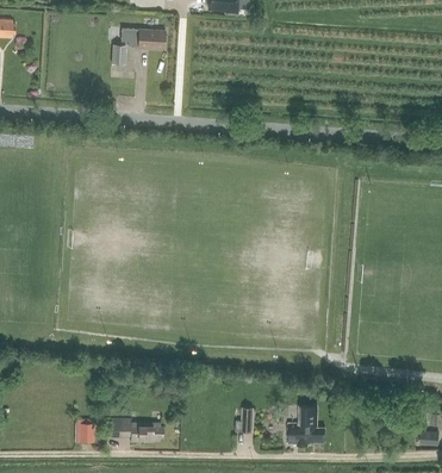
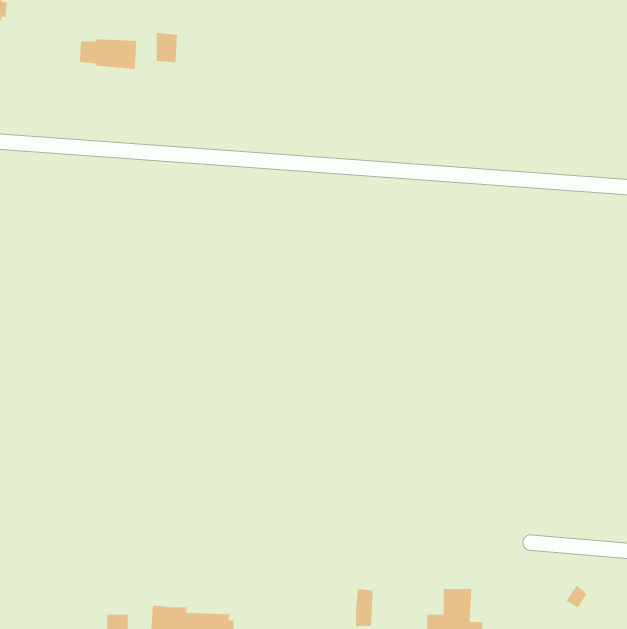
building: [126,30,164,50] -> [79,39,137,70]

